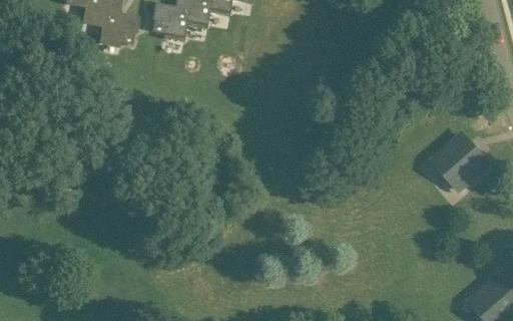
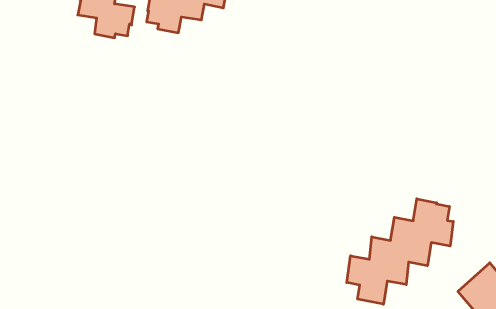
building: [428,130,491,194] -> none
building: none -> [347,199,453,304]

